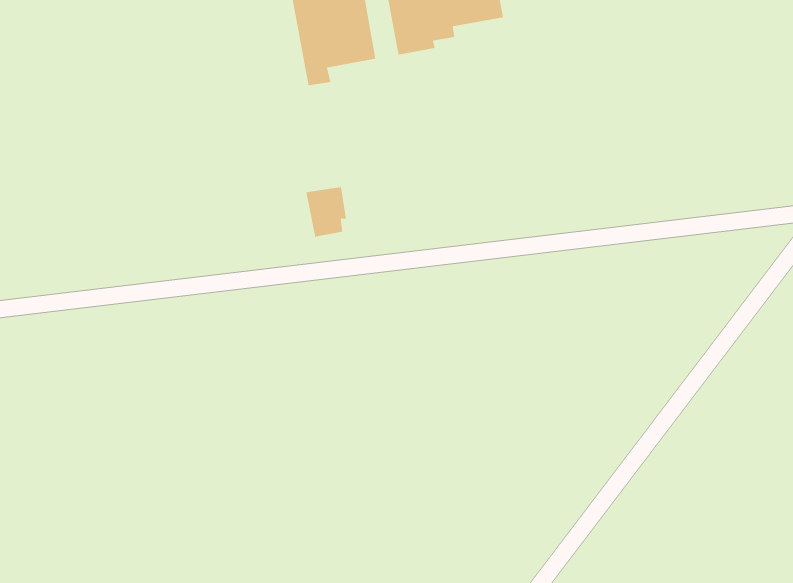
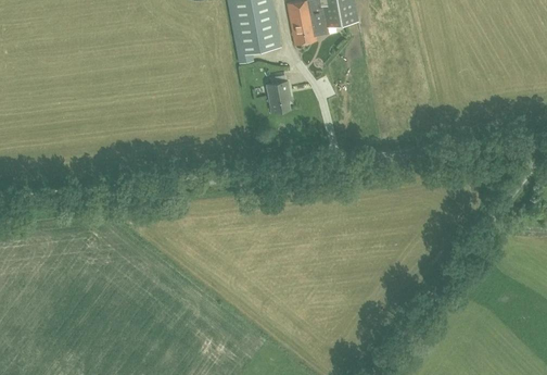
building: [305,185,347,237] -> [266,80,291,112]

